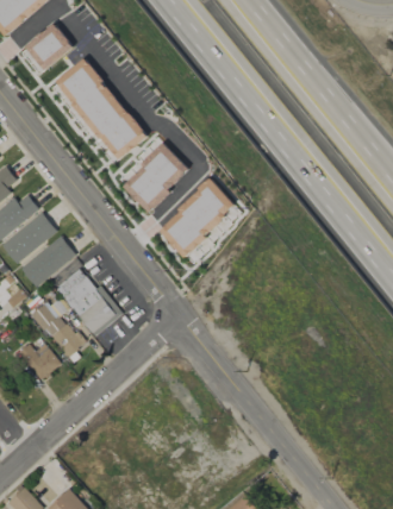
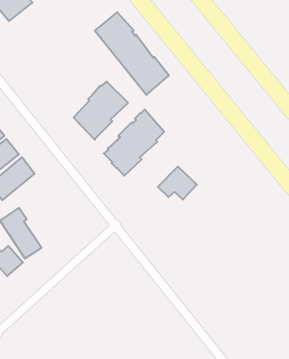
building: [57,58,148,159] -> [95,12,169,95]
building: none -> [158,167,197,200]
building: [56,266,120,337] -> none

